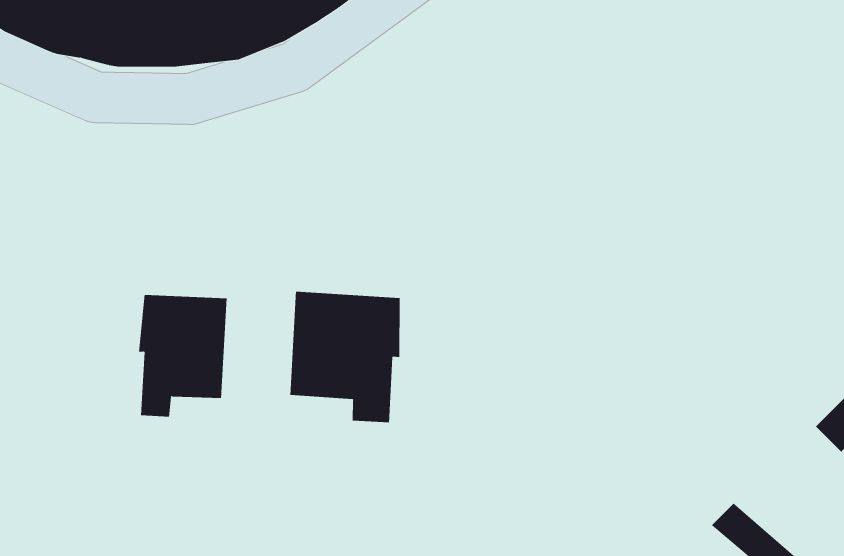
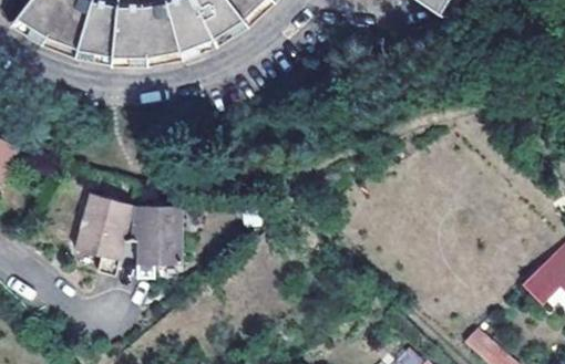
building: none -> [62,188,125,270]
building: [290,291,400,423] -> none

